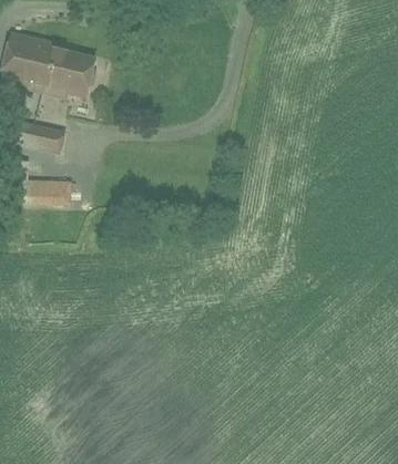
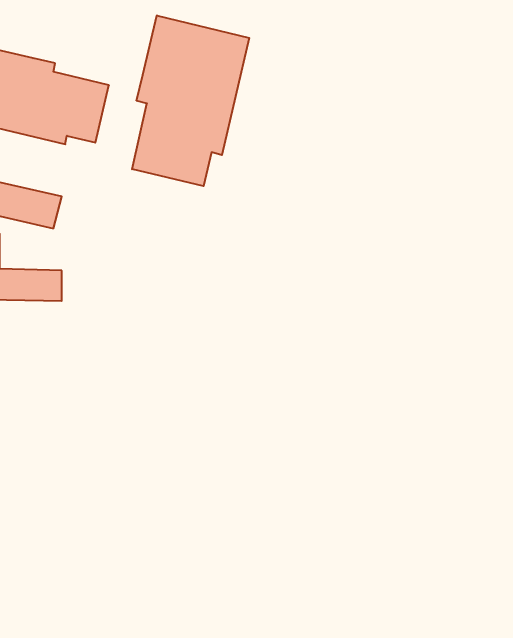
building: none -> [132,15,249,186]

